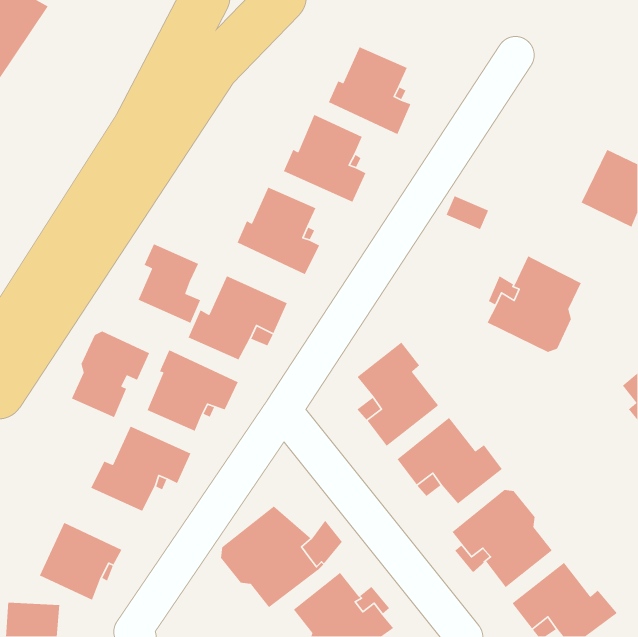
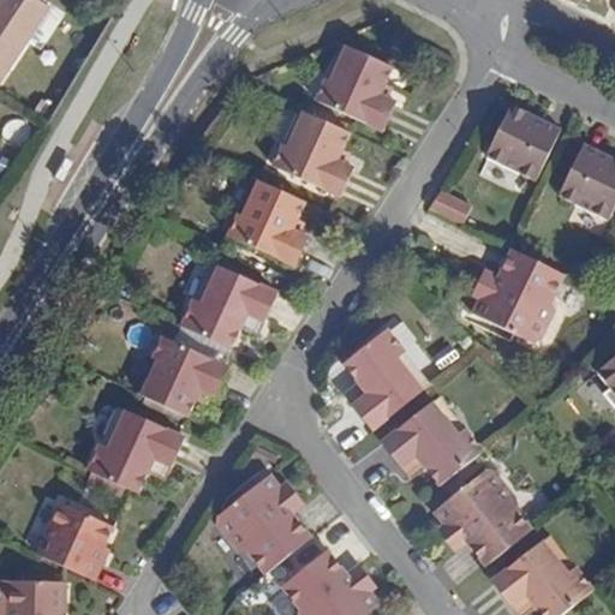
building: none -> [484,103,560,179]
building: [137,243,201,324] -> none
building: [71,331,150,418] -> none

